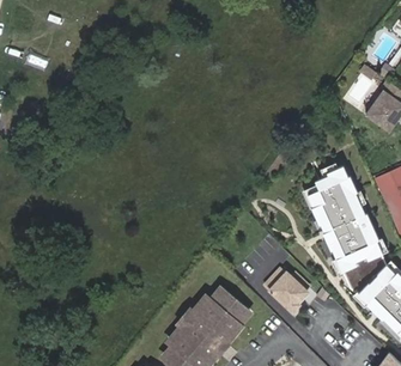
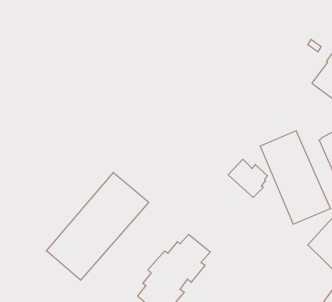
building: none -> [46,172,149,280]
building: [265,267,310,311] -> [228,159,268,198]

